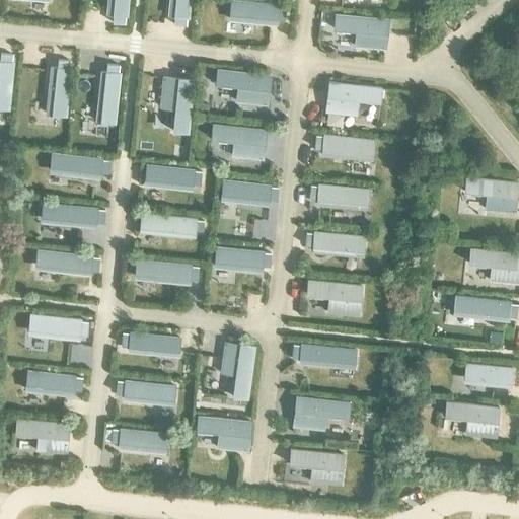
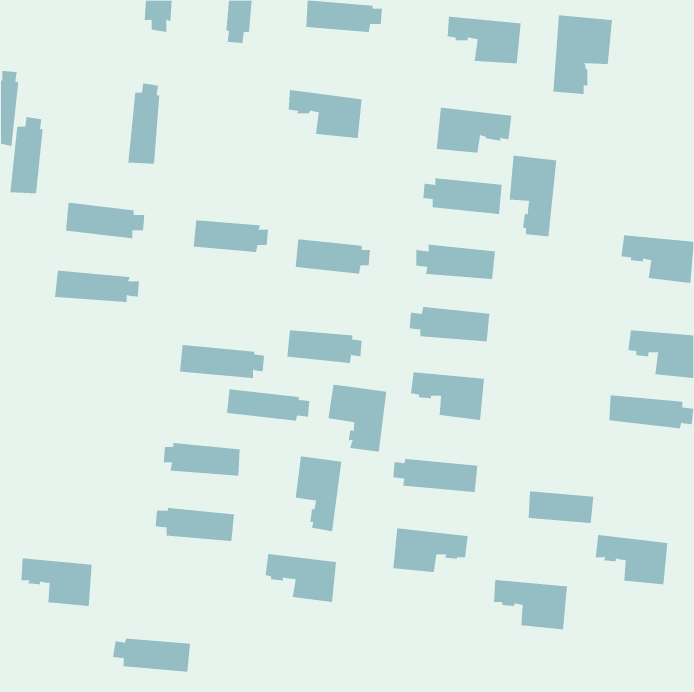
building: none -> [553,15,612,95]
building: [46,59,71,117] -> [10,117,44,194]
building: [160,76,193,132] -> none
building: none -> [509,155,557,237]
building: [211,123,265,158] -> none
building: [140,214,203,238] -> [226,389,310,421]
building: [34,249,98,275] -> none
building: none -> [328,384,387,452]
building: [28,314,88,340] -> none
building: [464,363,514,387] -> [528,491,594,524]
building: [24,371,82,396] -> none
building: [109,429,168,454] -> [112,638,191,672]
building: [289,448,345,486] -> [493,579,568,630]

